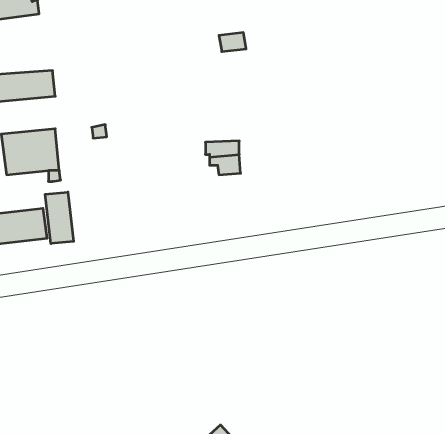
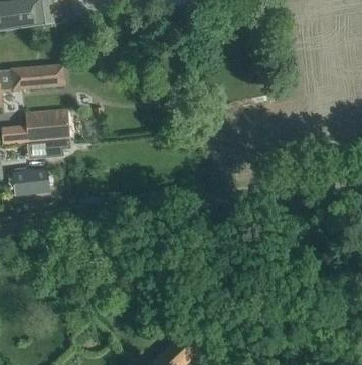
building: [45,192,74,244] -> none

